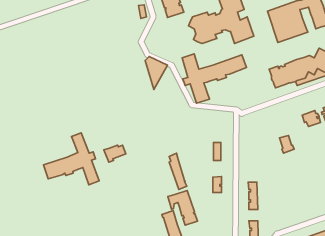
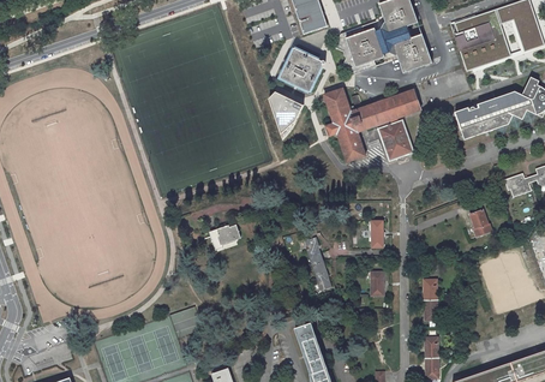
building: none -> [280,48,322,92]
building: none -> [377,120,413,161]
building: [43,133,99,185] -> none
building: [168,191,197,225] -> none

